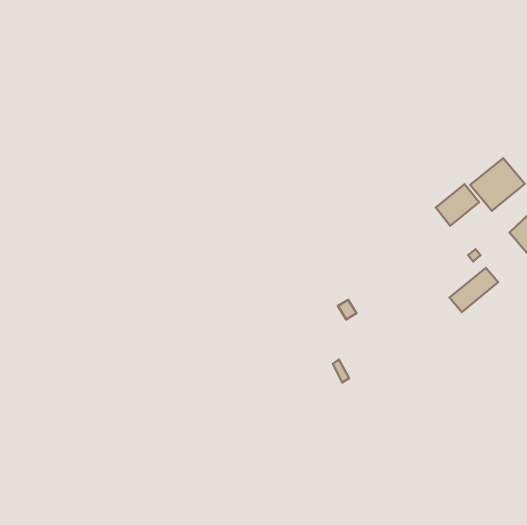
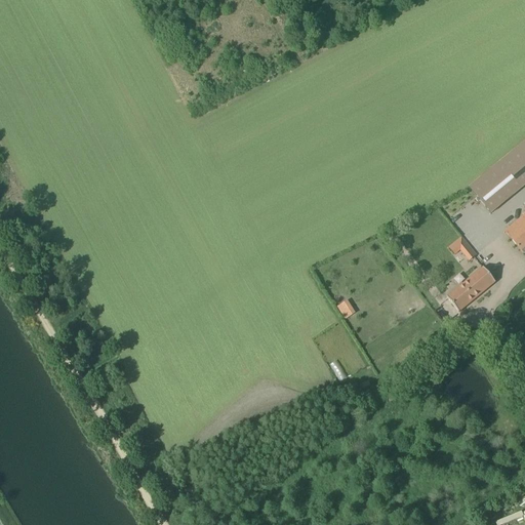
building: [436,184,479,226] -> none

